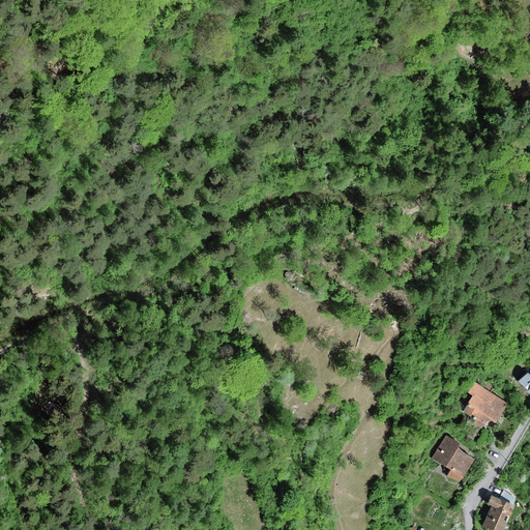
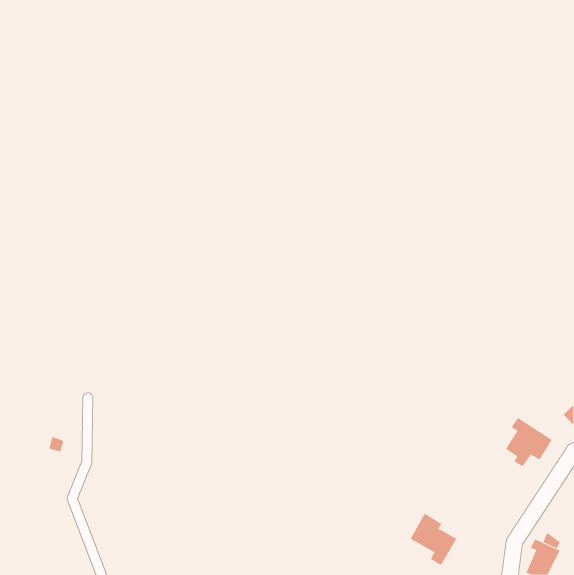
building: [431,434,474,482] -> [410,513,457,566]

